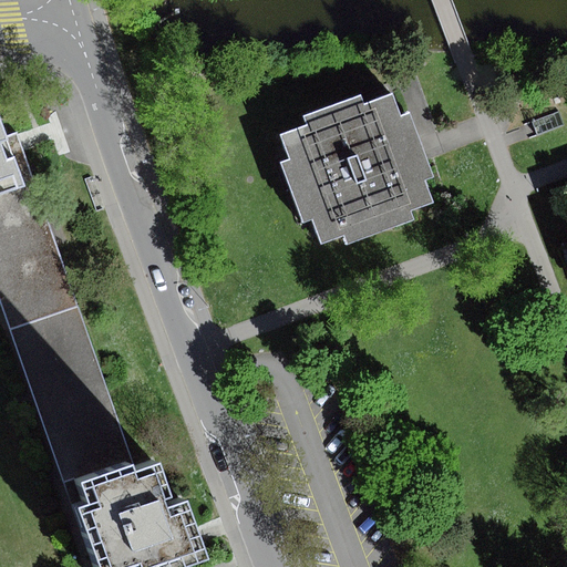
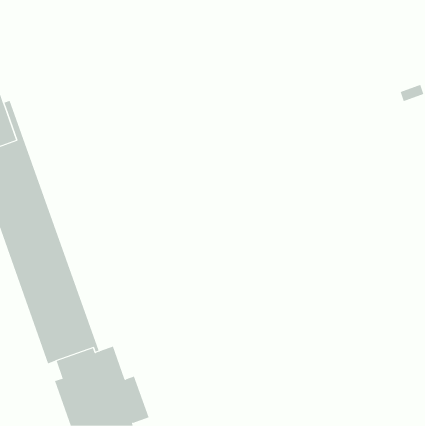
building: [279,94,432,244] -> none

